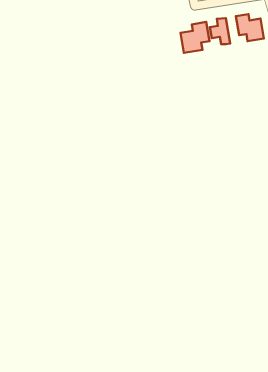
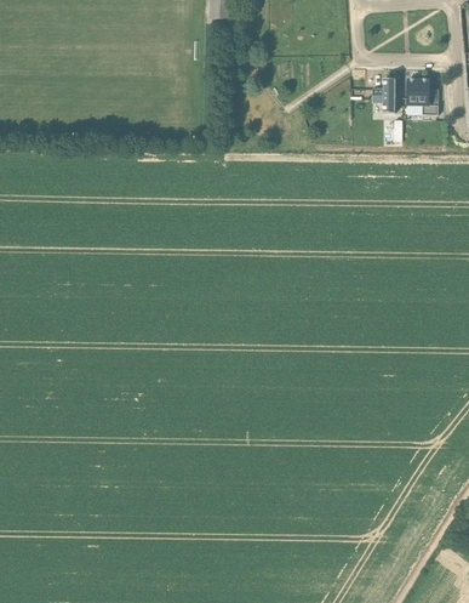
building: [180,22,210,53] -> none

